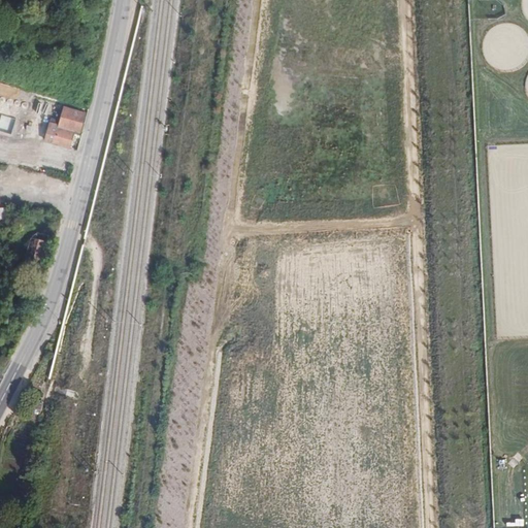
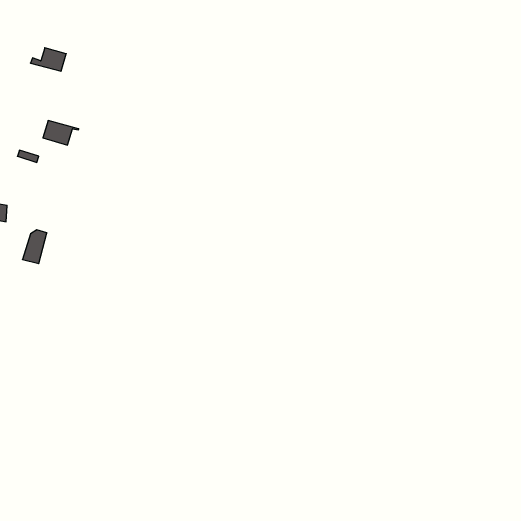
building: [48,106,85,130] -> [30,48,66,71]

